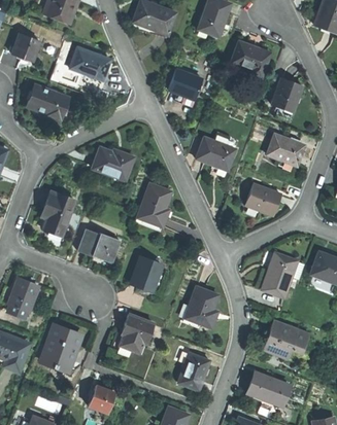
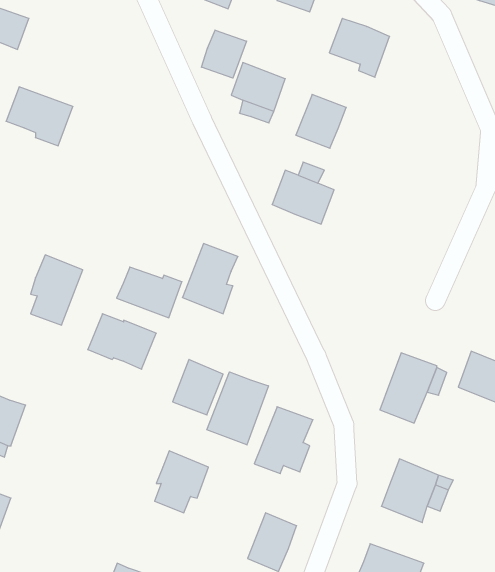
building: [70,46,110,79] -> none
building: none -> [201,30,247,78]
building: [269,78,301,112] -> [296,94,346,148]
building: [264,134,302,166] -> none
building: [92,147,133,179] -> [117,267,182,318]
building: [243,184,279,216] -> none
building: none -> [207,372,268,445]
building: [40,325,82,371] -> none

